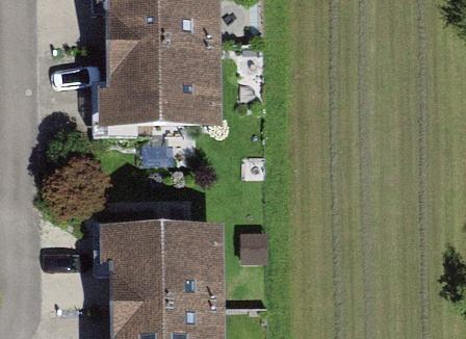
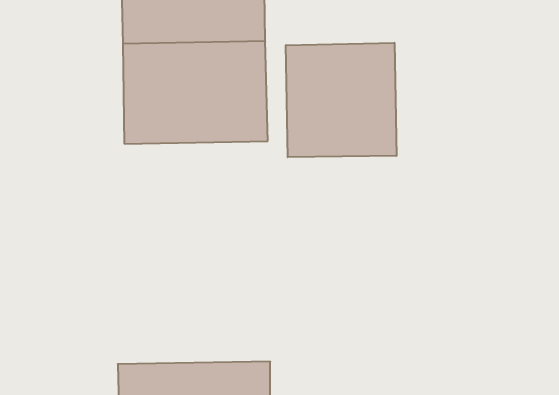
building: none -> [286,43,396,157]
building: [99,220,224,304] -> none

